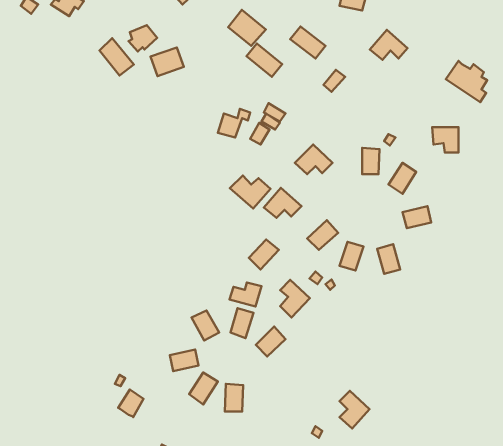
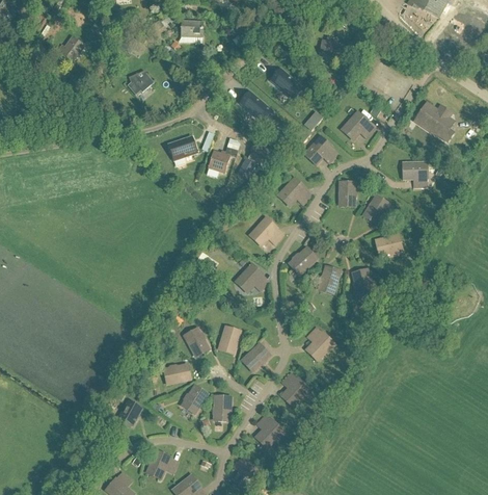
building: [228,10,266,46] -> none
building: [370,30,408,60] -> [341,111,375,138]
building: [99,38,134,75] -> none
building: [151,47,184,76] -> [167,132,197,158]
building: none -> [303,136,337,163]
building: [230,175,271,209] -> none
building: [280,280,310,318] -> [306,325,333,360]
building: [229,282,261,306] -> none
building: [340,391,369,429] -> [281,371,308,406]
building: none -> [256,413,283,447]

